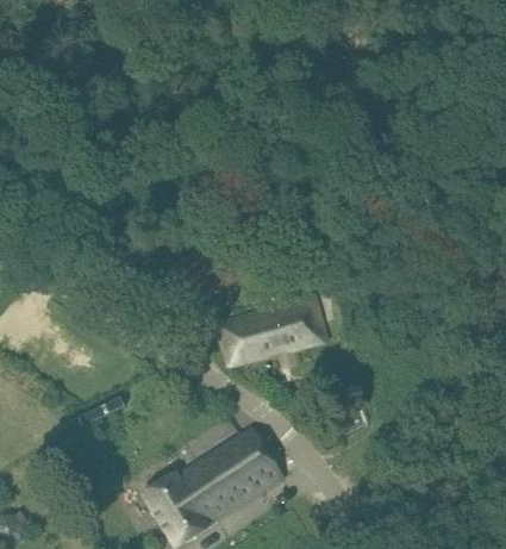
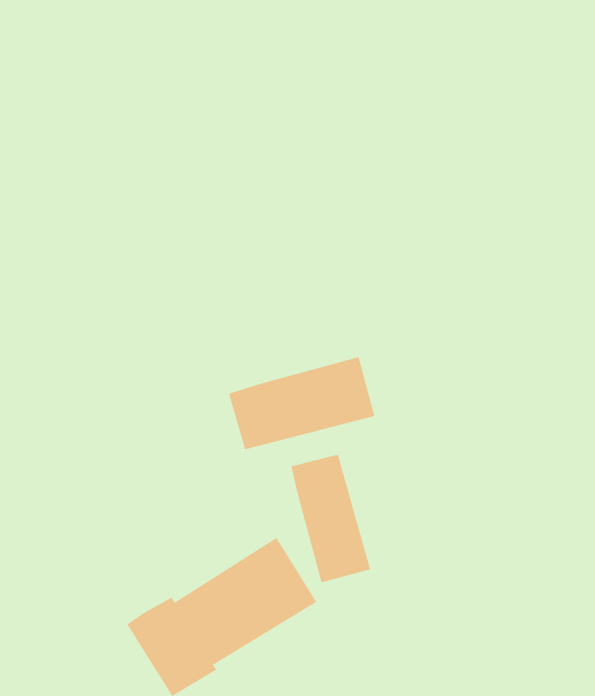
building: none -> [291,454,371,583]

